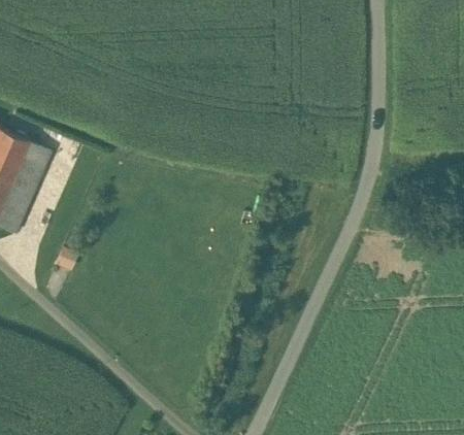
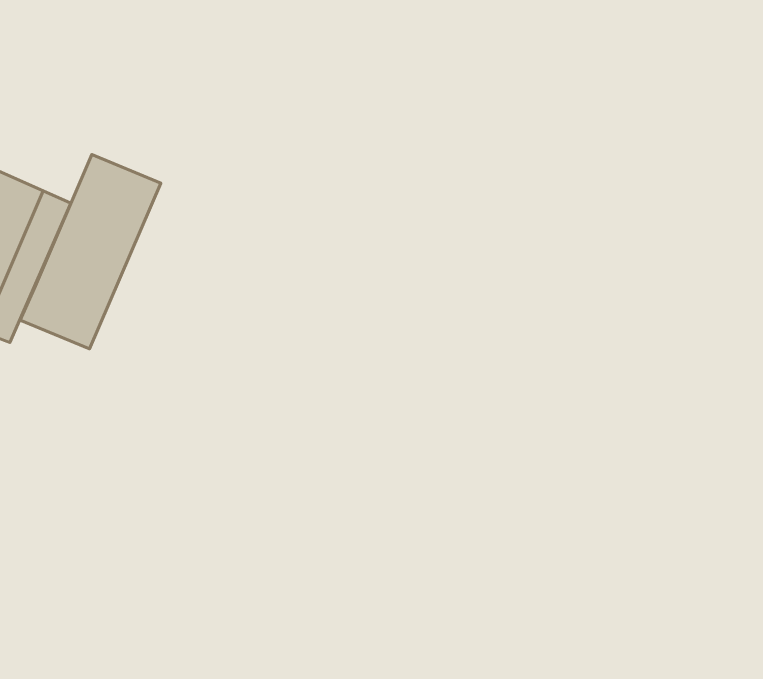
building: none -> [20,154,161,349]

